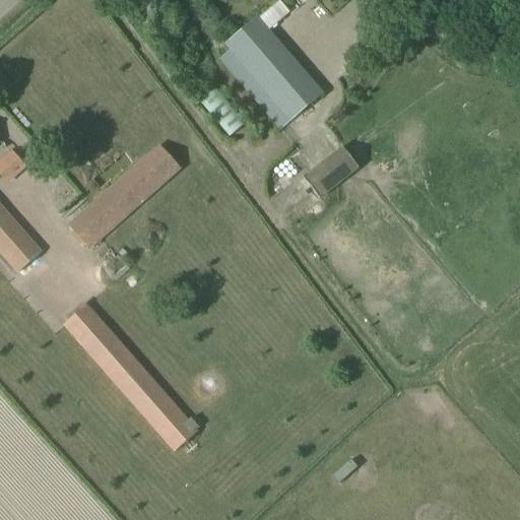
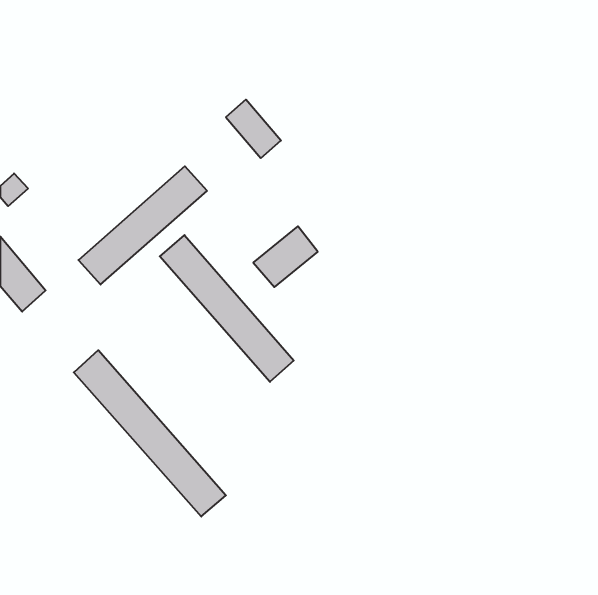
building: [225,16,322,127] -> none
building: [302,144,358,197] -> [253,226,318,287]
building: none -> [160,235,294,382]

